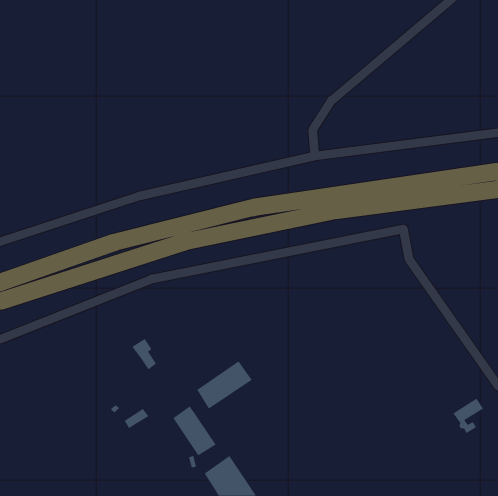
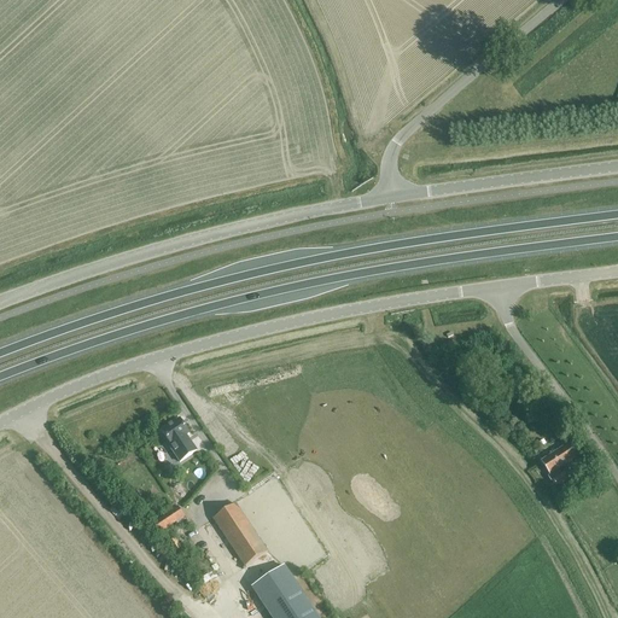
building: [196,361,252,409] -> none
building: [453,398,484,434] -> [541,441,579,485]

